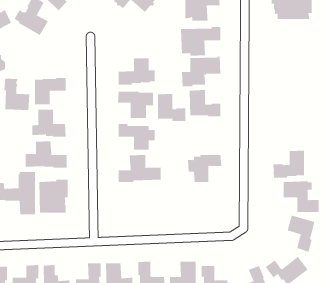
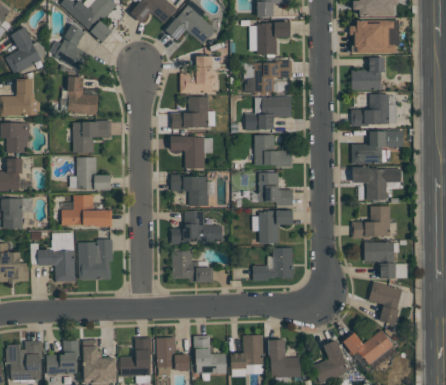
building: none -> [181,56,216,92]
building: none -> [351,57,384,89]
building: none -> [351,93,397,125]
building: [4,78,30,110] -> [67,76,98,114]
building: none -> [351,130,403,163]
building: [157,93,186,122] -> [259,172,293,205]
building: none -> [352,167,402,199]
building: none -> [253,247,293,280]
building: none -> [172,248,213,283]

